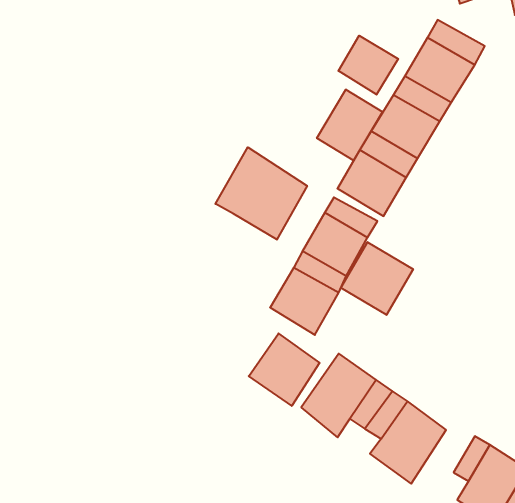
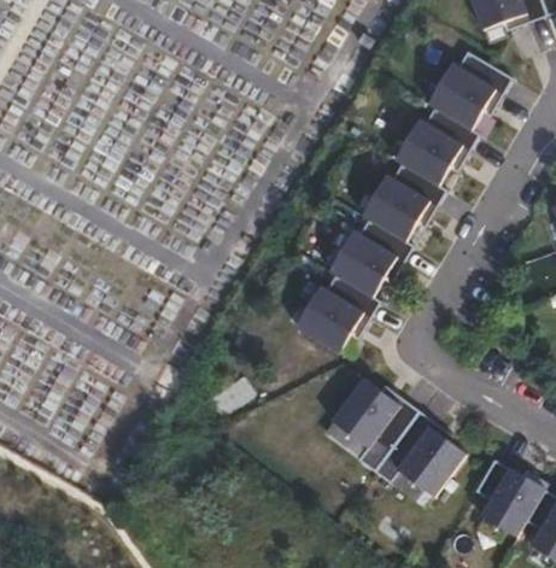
building: [338,36,398,95] -> none
building: [317,89,383,161] -> none
building: [215,147,307,240] -> none
building: [341,242,413,315] -> none
building: [249,333,320,406] -> none

